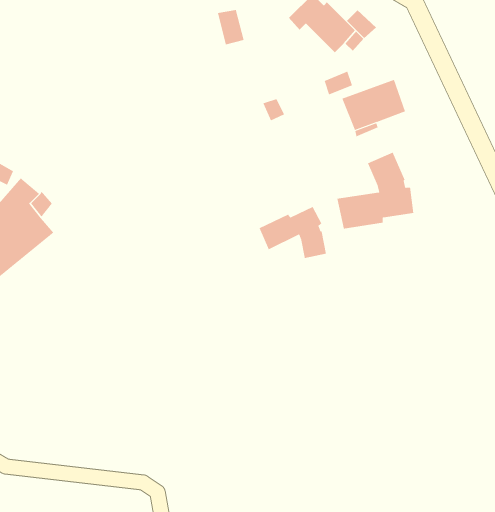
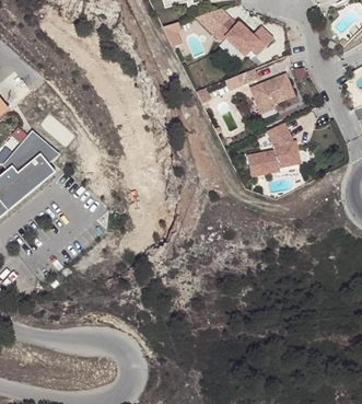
building: [259,206,327,259] -> none

